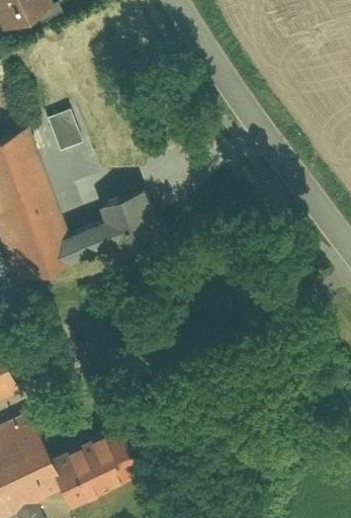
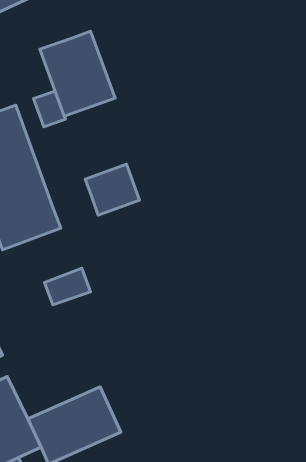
building: none -> [40,31,115,116]
building: [70,217,119,256] -> [44,268,90,305]

